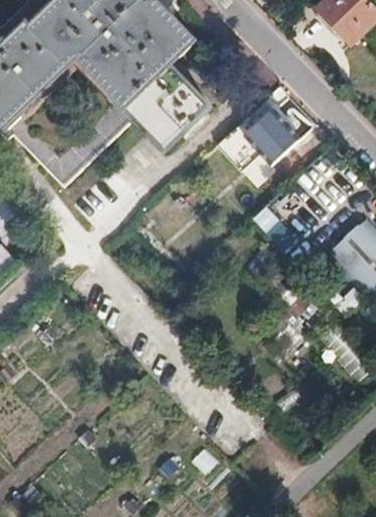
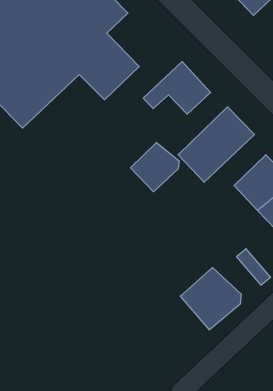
building: none -> [131,143,179,192]
building: none -> [180,268,241,330]

